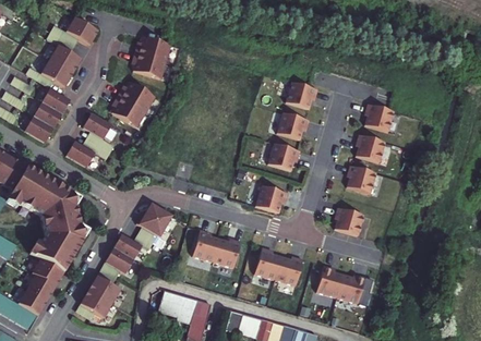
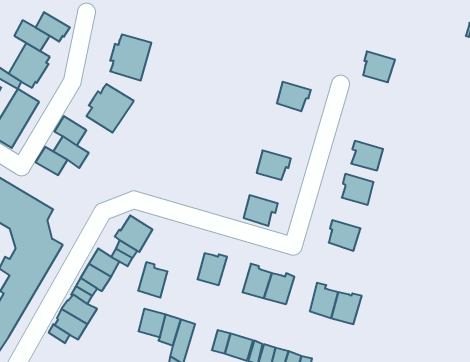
building: [364,101,394,130] -> [363,51,395,82]
building: [277,110,309,137] -> none
building: [192,229,219,261] -> [138,262,168,298]

